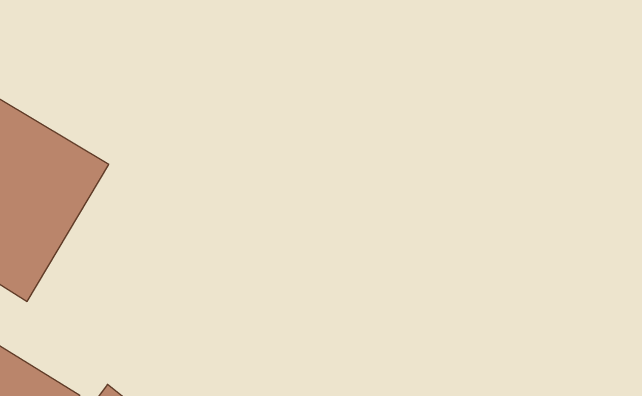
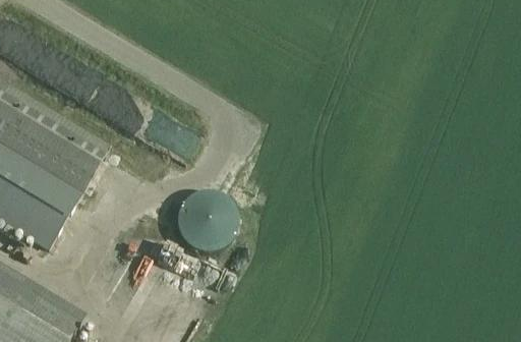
building: none -> [176,193,238,255]

